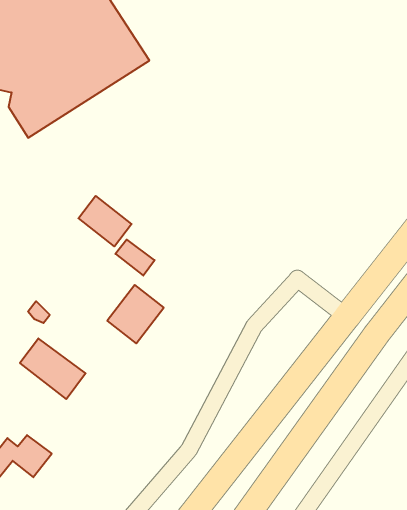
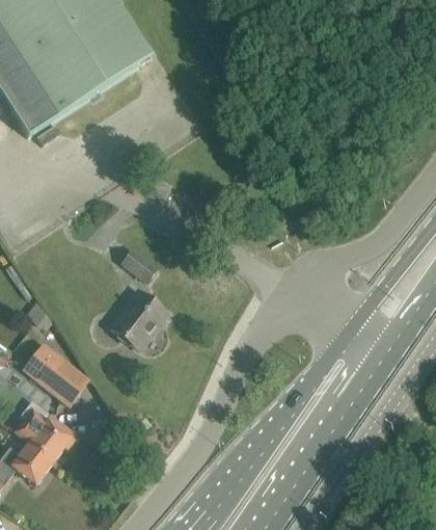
building: [78,196,132,246] -> none
building: none -> [12,398,75,459]

